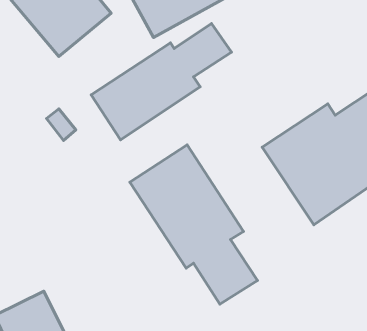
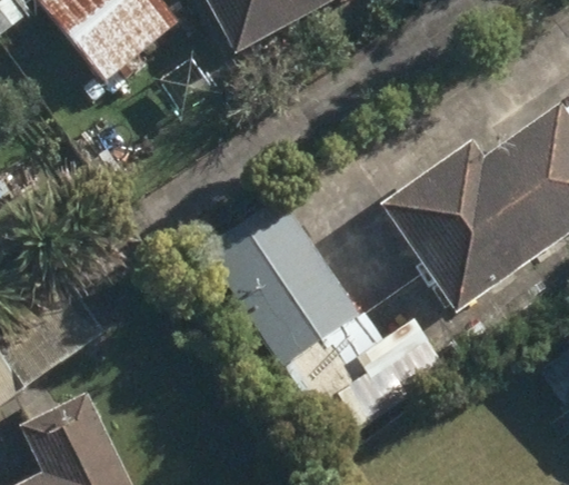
building: [91,23,231,140] -> none

